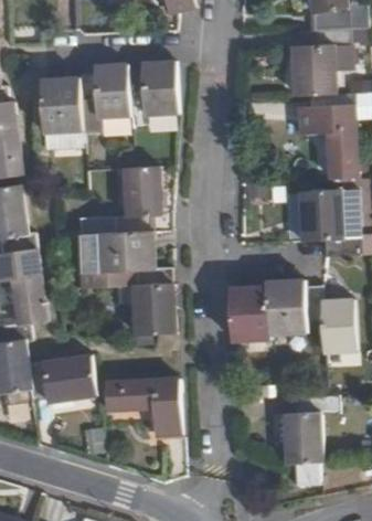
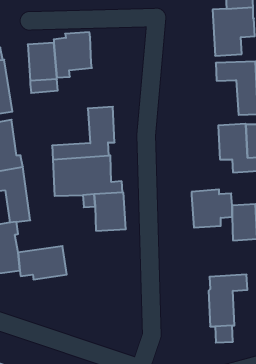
building: [126,60,176,110] -> none
building: [228,285,267,337] -> none
building: [106,378,181,433] -> none

